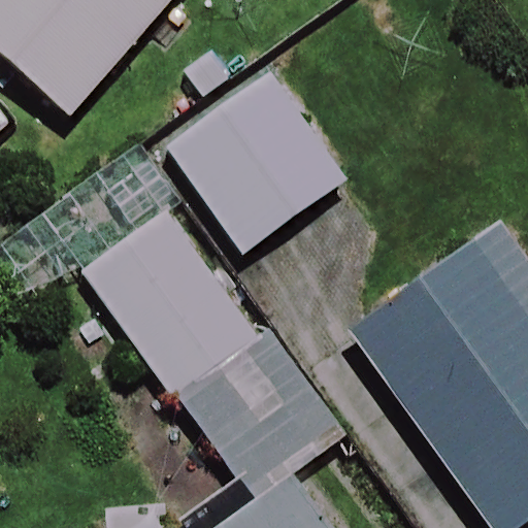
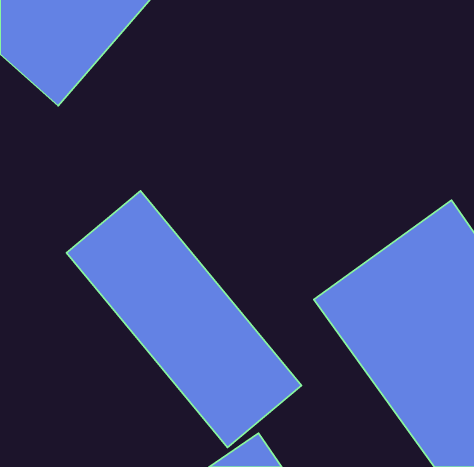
building: [162,66,352,254] -> none

